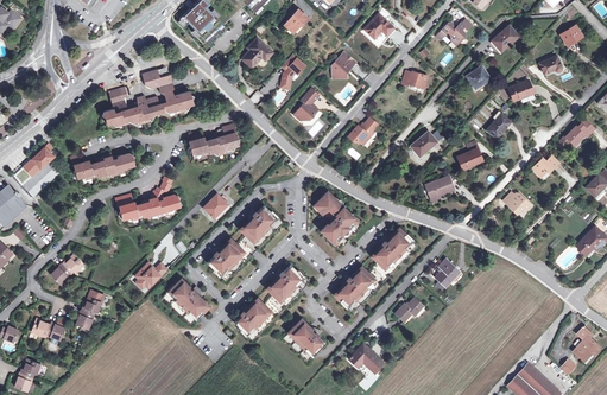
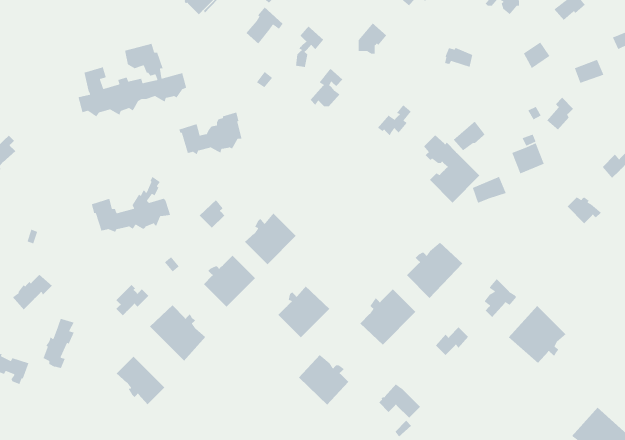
building: [70,152,135,180] -> none
building: [316,192,362,248] -> [423,135,480,203]
building: none -> [508,305,567,364]
building: [234,298,276,340] -> none
building: none -> [116,356,165,405]

